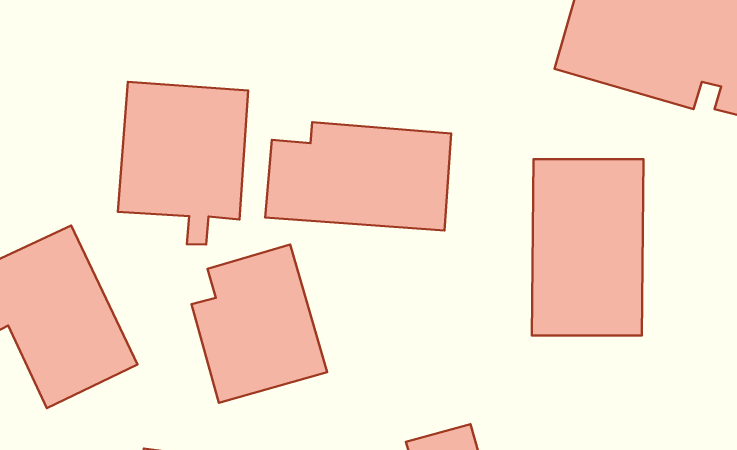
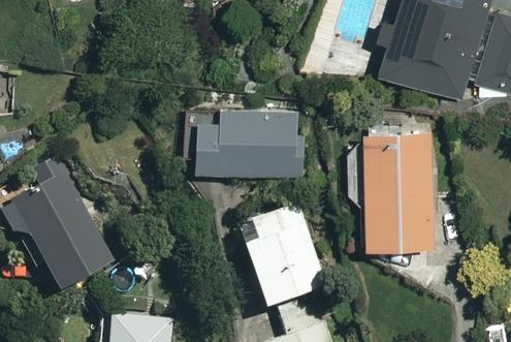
building: [118,82,248,244] -> none
building: [191,244,327,403] -> [239,206,326,307]

